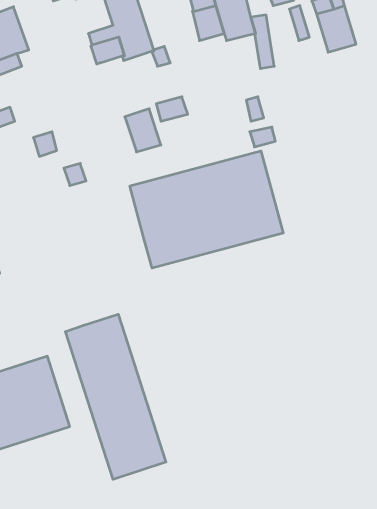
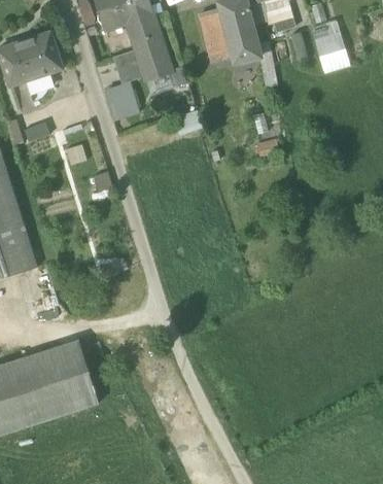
building: [125,109,161,152] -> [103,81,135,119]
building: [130,151,283,268] -> none
building: [65,314,166,479] -> none

